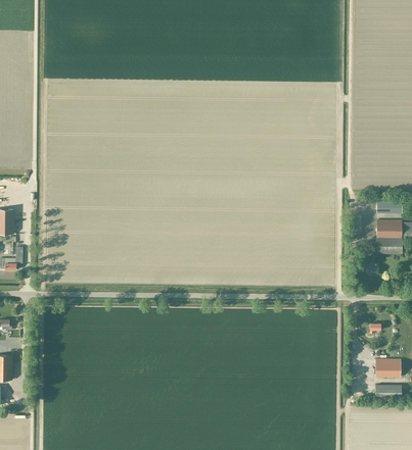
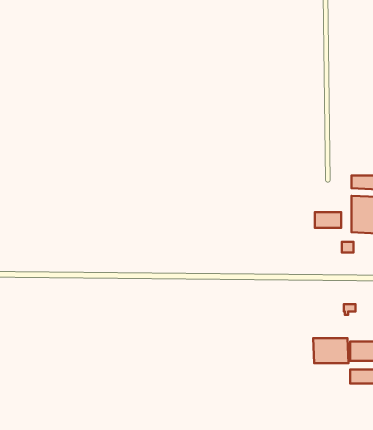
building: none -> [315,212,341,228]
building: none -> [313,338,348,363]

